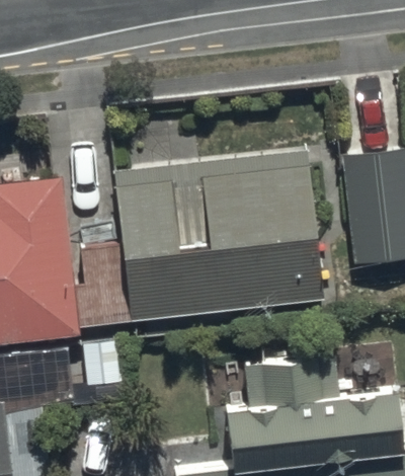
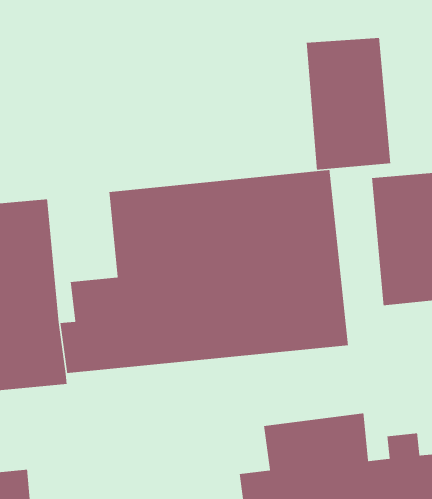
building: none -> [306,37,391,170]

